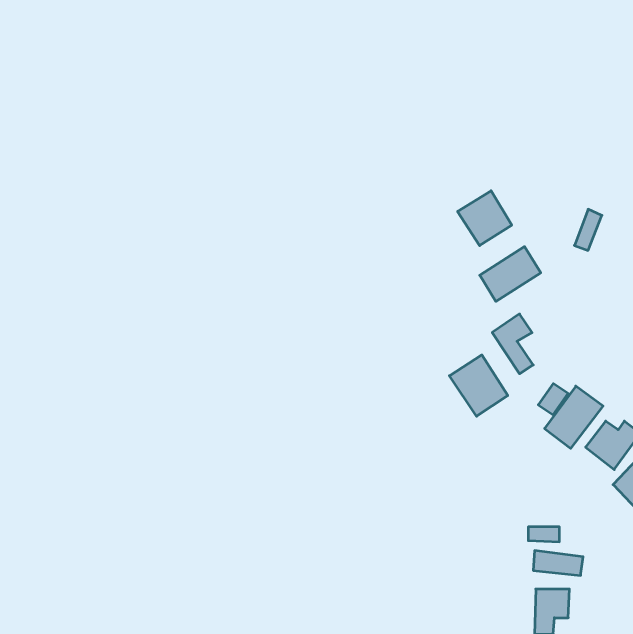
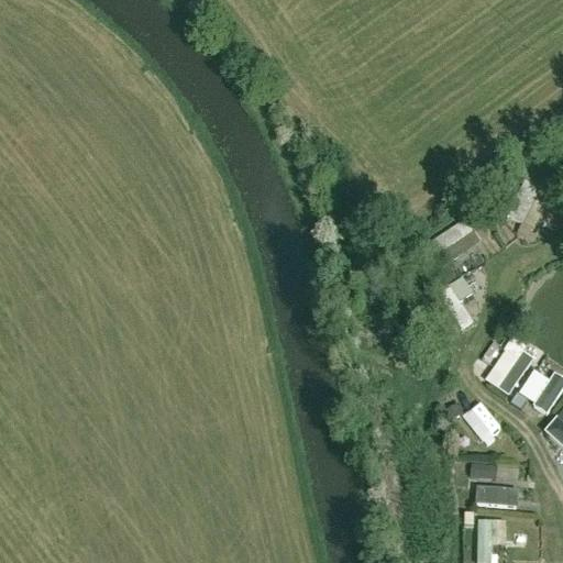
building: [458,191,512,246] -> none
building: [449,355,508,416] -> none
building: none -> [463,400,504,444]

